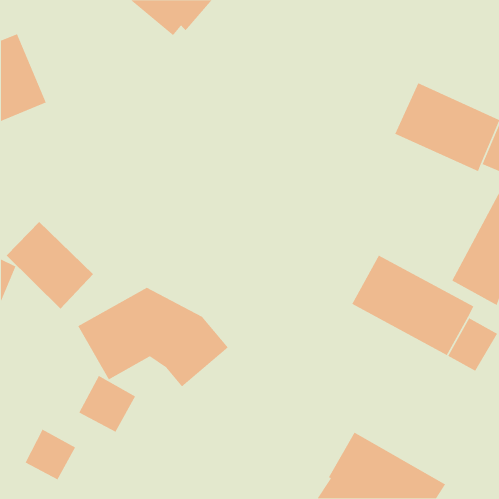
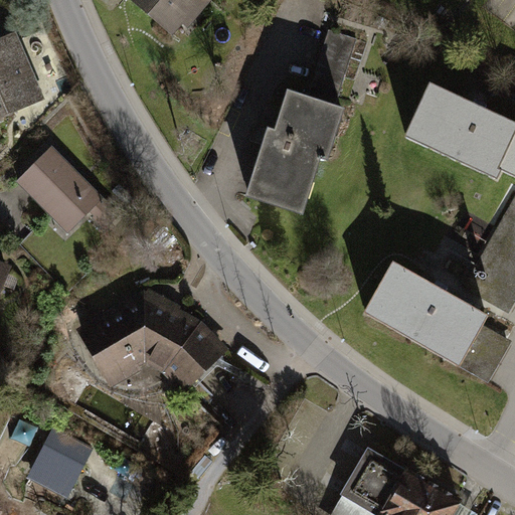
building: none -> [242,29,353,207]
building: [6,221,94,309] -> [18,151,109,241]
building: [78,375,136,433] -> none

